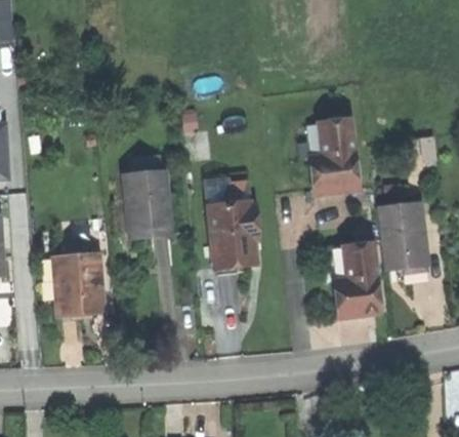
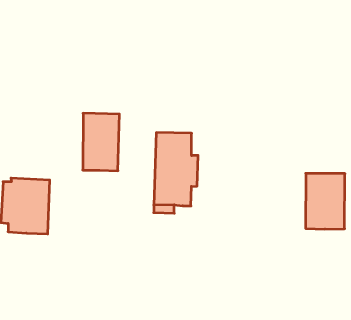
building: [307,119,359,193] -> none
building: [331,244,382,317] -> none

